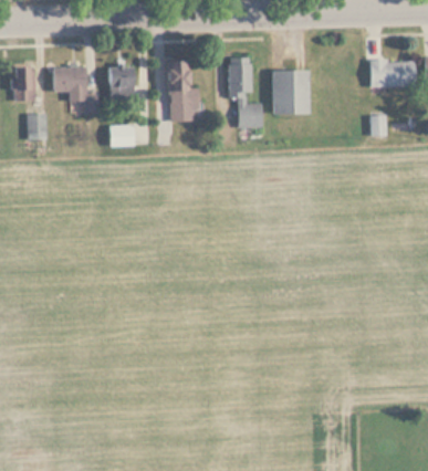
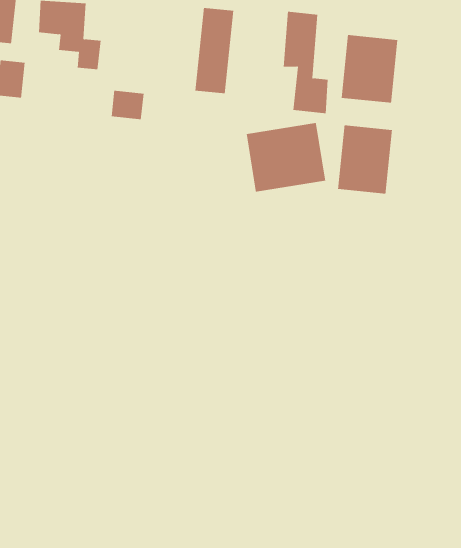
building: [108,75,135,104] -> none
building: none -> [337,125,393,194]
building: none -> [246,122,326,193]

